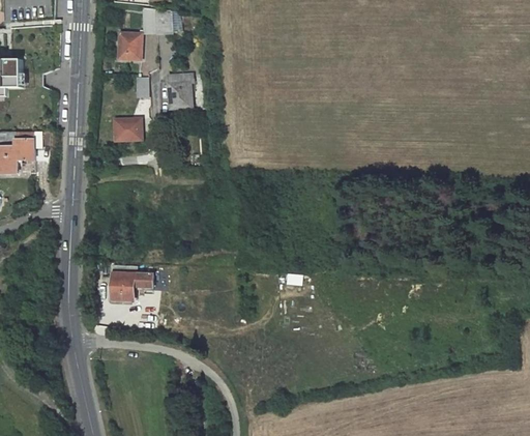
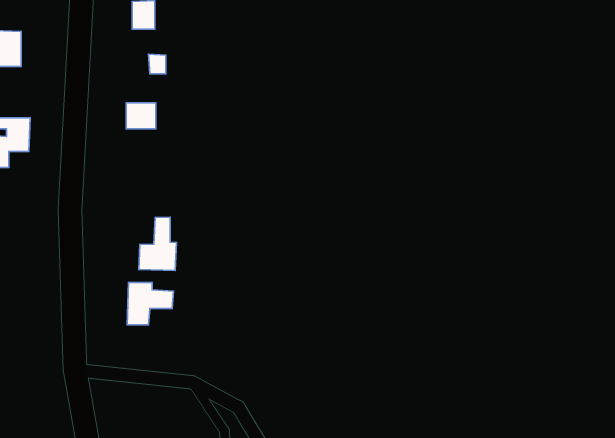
building: [167,76,188,109] -> none
building: none -> [139,217,176,271]

